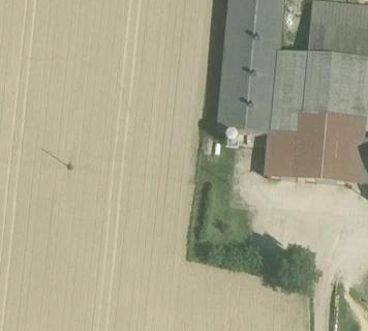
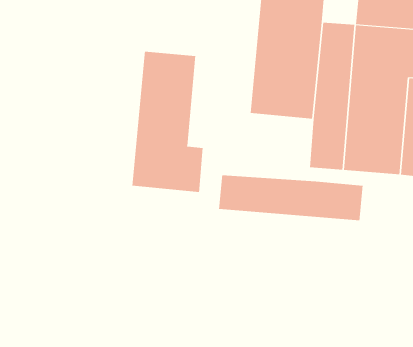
building: none -> [132,51,203,193]
building: none -> [219,175,363,221]

